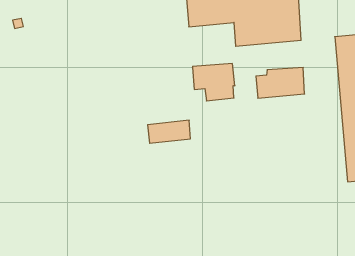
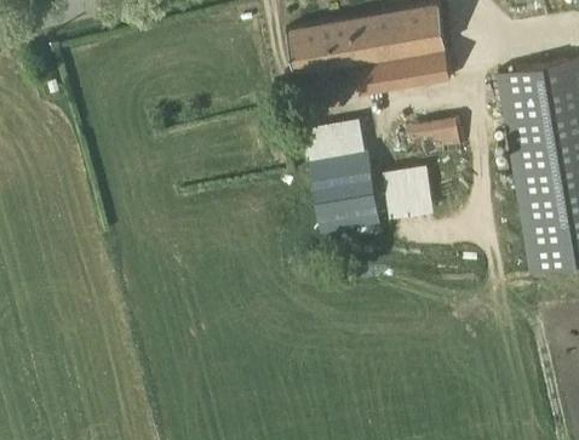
building: none -> [383,167,431,219]
building: [148,120,190,143] -> [315,183,376,219]

